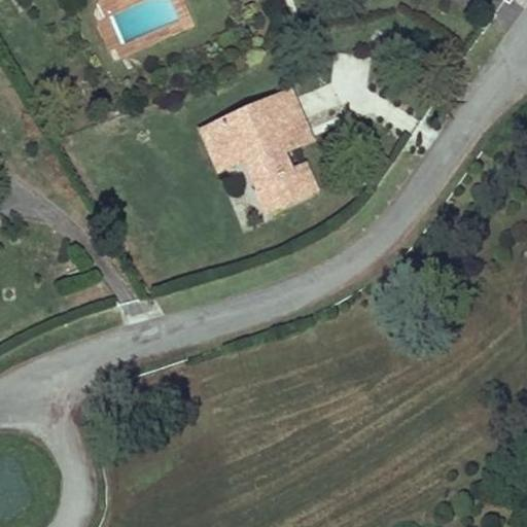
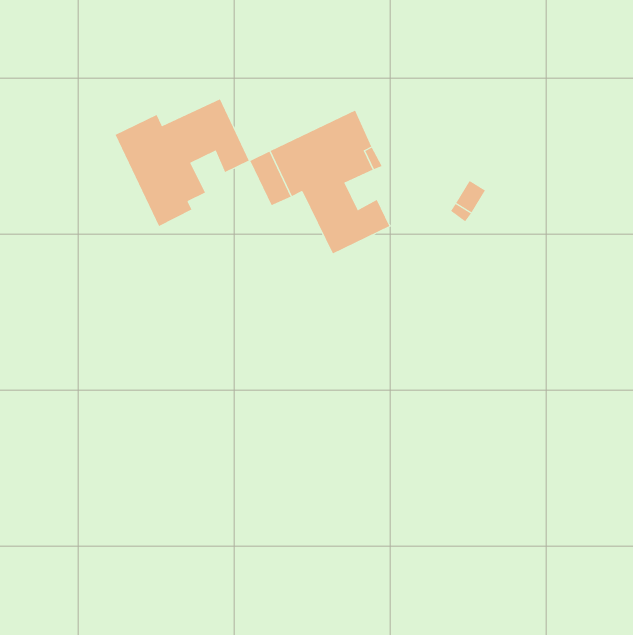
building: none -> [115,99,249,227]

